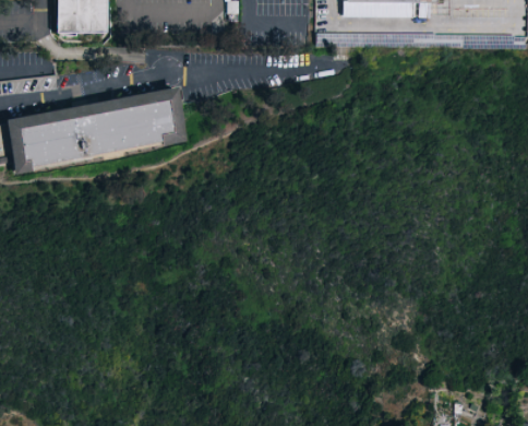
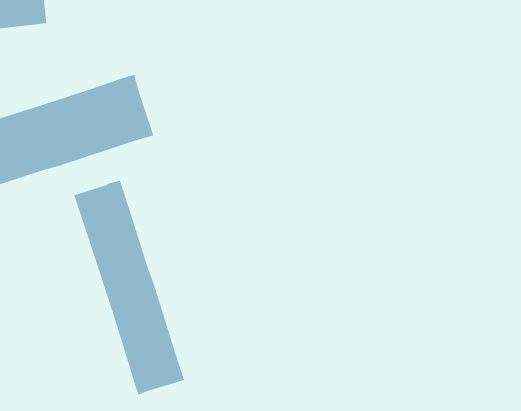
building: none -> [74,180,185,395]

